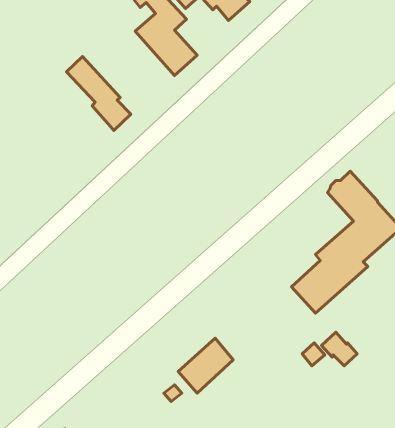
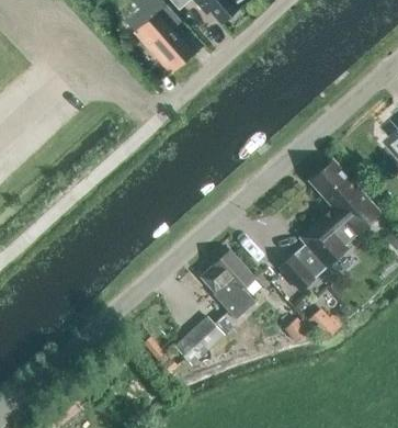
building: [67,56,131,130] -> none
building: none -> [201,250,255,319]

